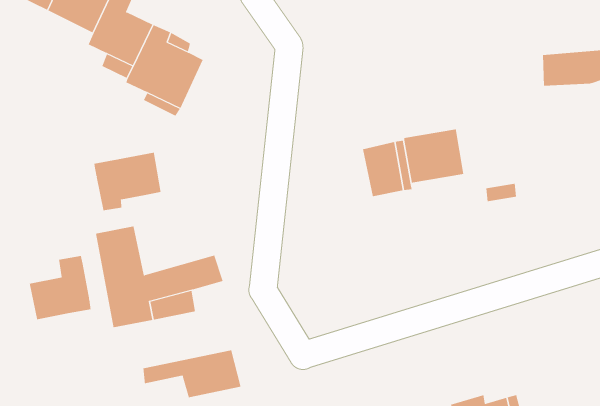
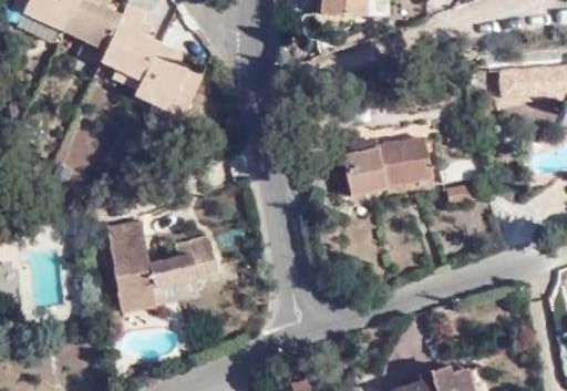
building: [94,152,161,211] -> none
building: [29,255,91,320] -> none
building: [143,350,241,398] -> none

